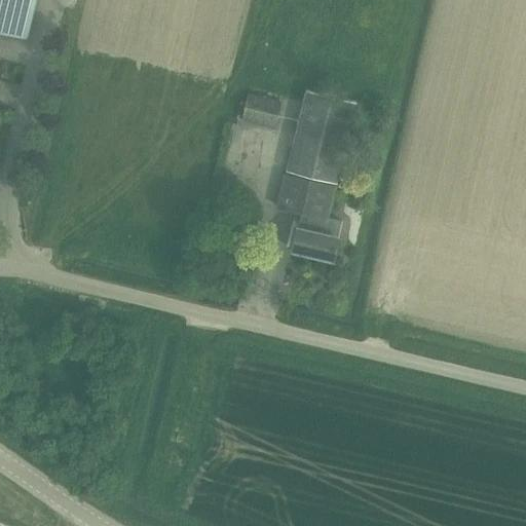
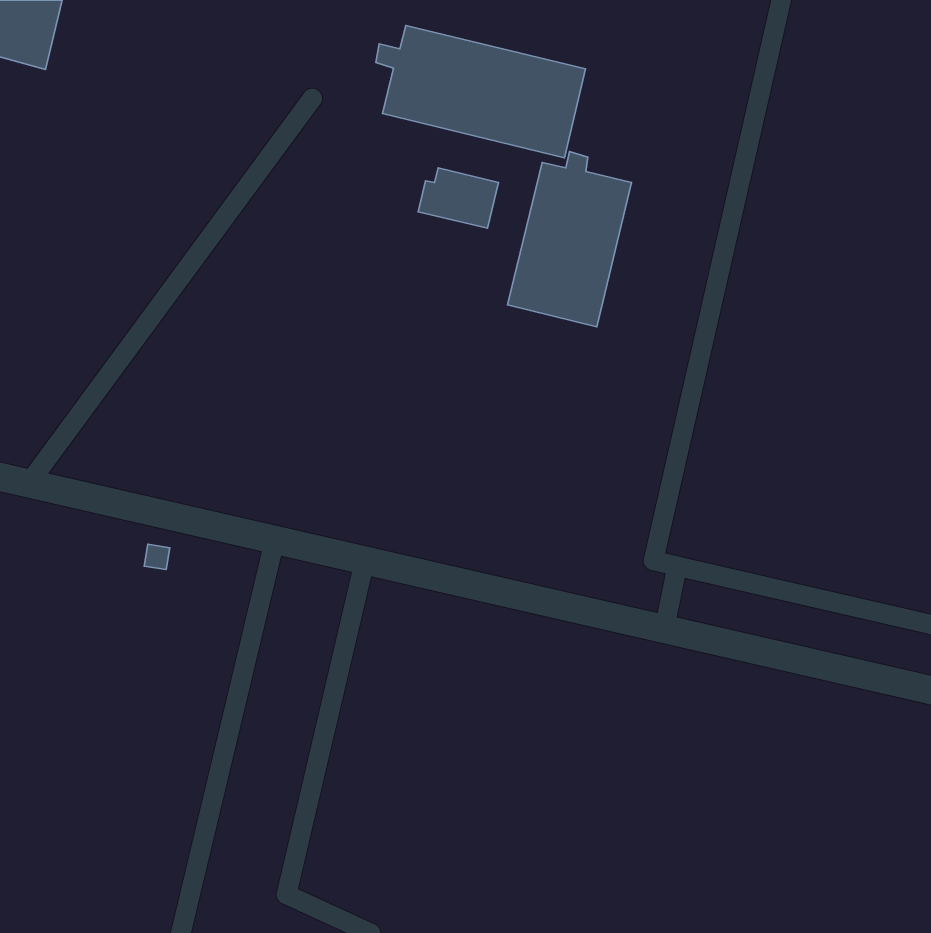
building: none -> [376,26,586,158]
building: [275,174,341,261] -> none

